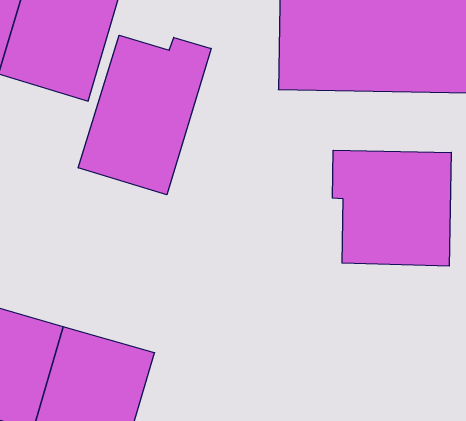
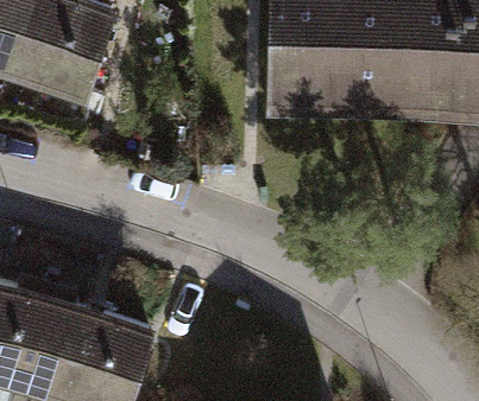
building: [78,35,211,195] -> none
building: [333,150,451,266] -> none

